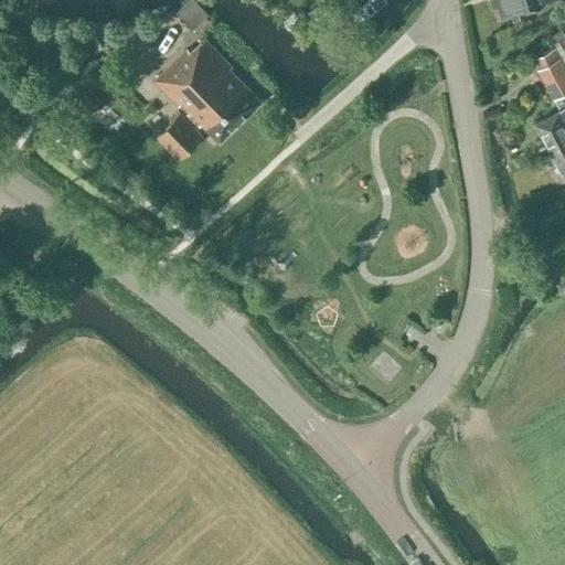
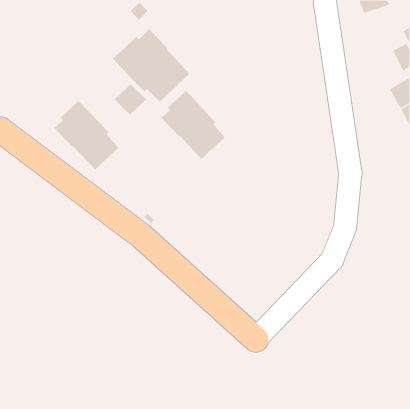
building: none -> [161,90,226,160]
building: none -> [53,100,119,170]

